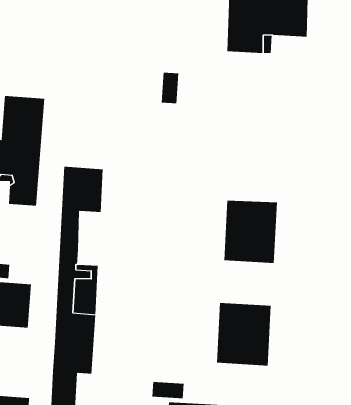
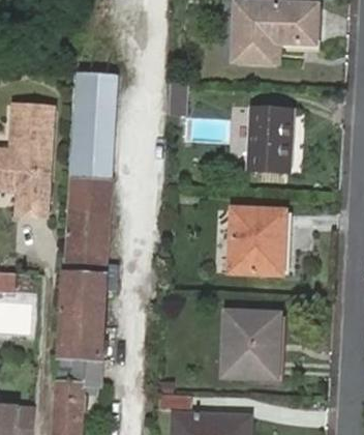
building: none -> [70,70,116,177]
building: none -> [250,106,293,170]
building: none -> [86,220,109,260]

